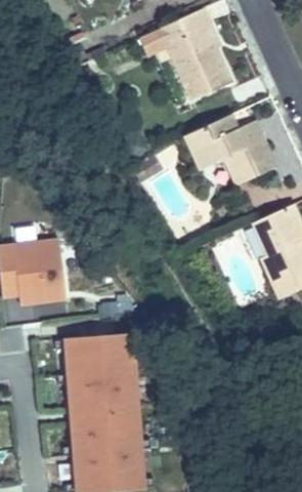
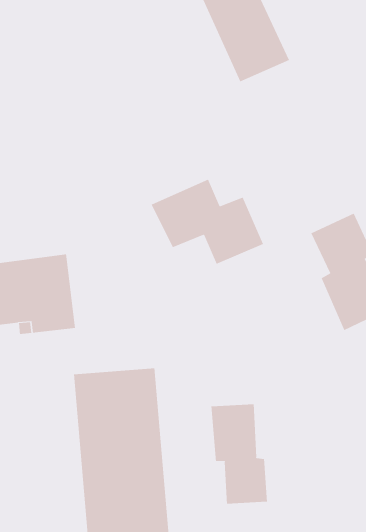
building: [186,116,276,184] -> [151,179,264,265]
building: none -> [211,404,267,504]

